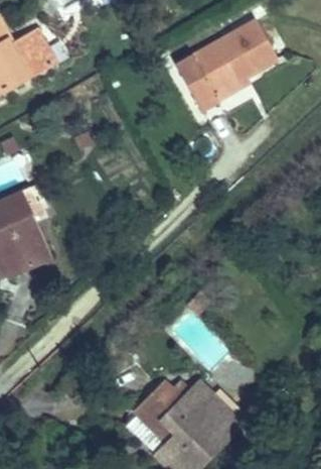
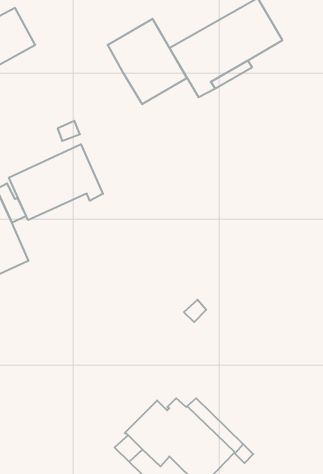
building: none -> [108,19,187,104]
building: none -> [9,144,103,220]

